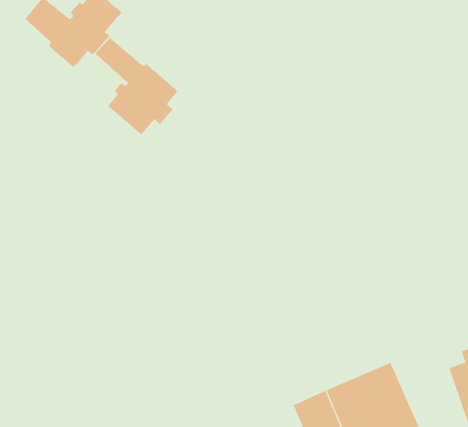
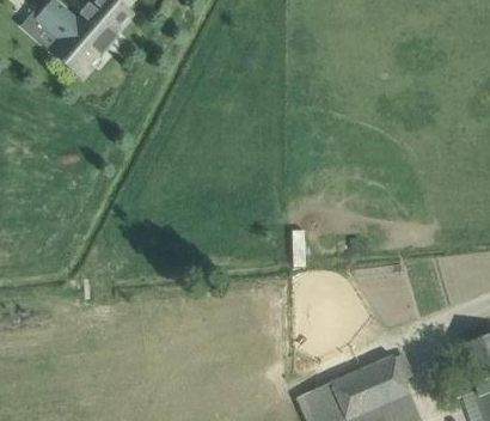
building: [95,37,178,135] -> none

